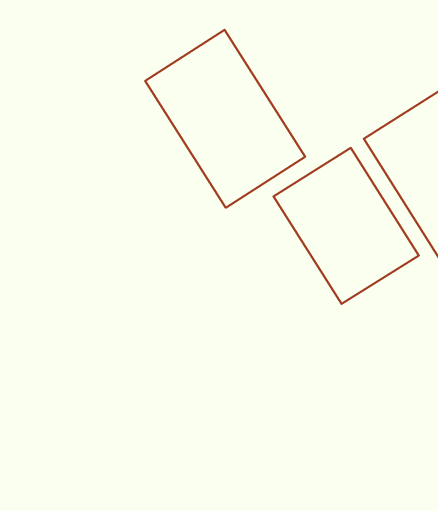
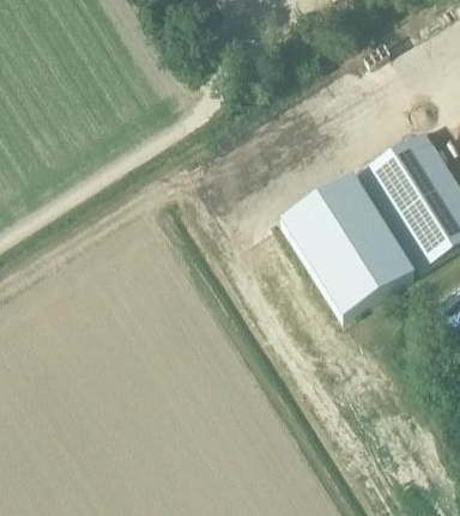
building: [145,30,305,208] -> none

